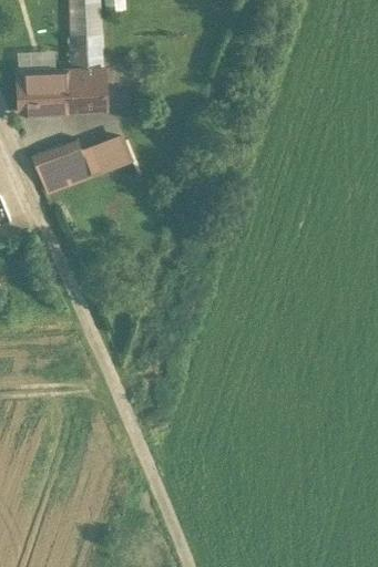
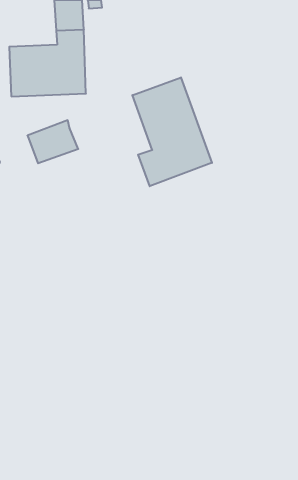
building: none -> [132,77,212,186]
building: [83,140,129,177] -> none

